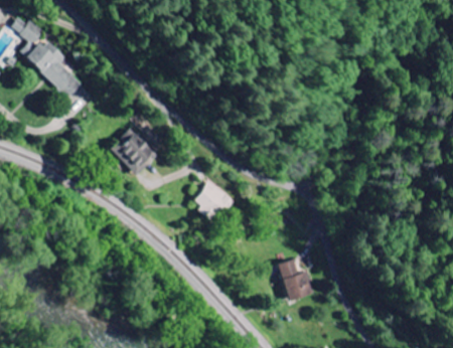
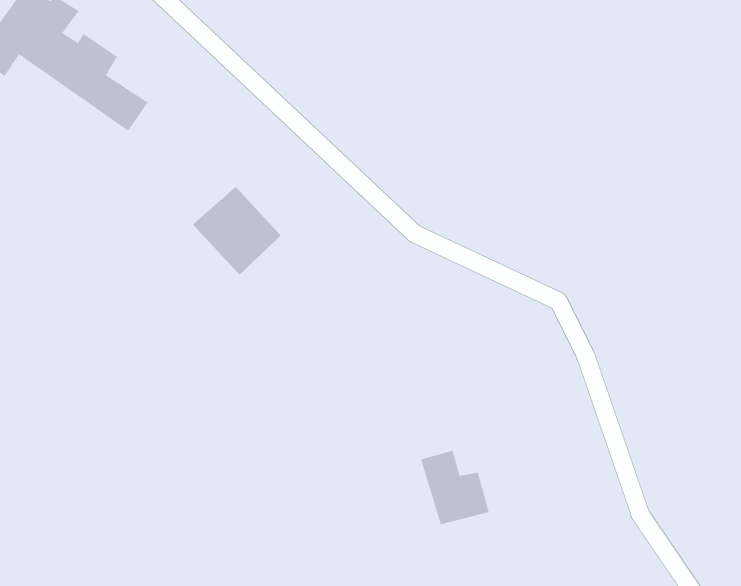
building: [194,179,236,223] -> none
building: [275,258,313,300] -> [420,450,489,525]

